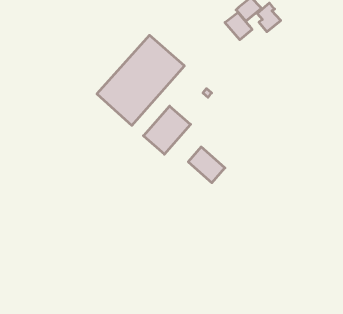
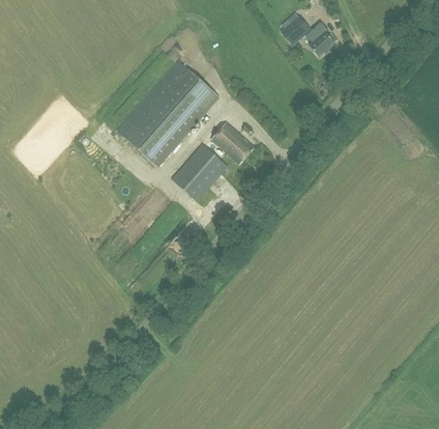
building: [225,12,252,40] -> none
building: [188,147,225,183] -> [211,122,255,165]

